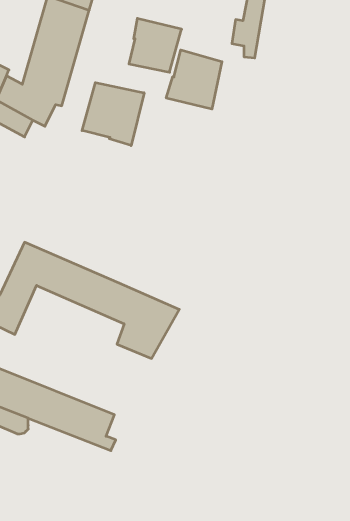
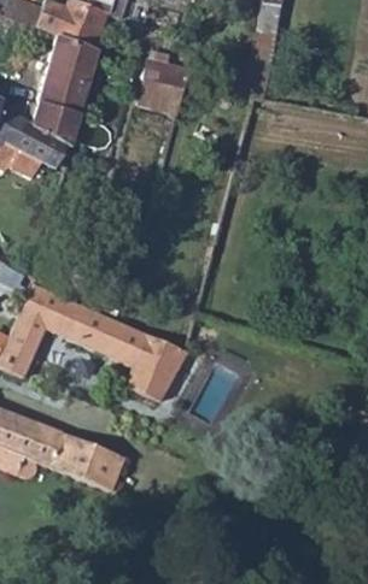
building: [166,50,222,109] -> none
building: [82,83,144,146] -> none

